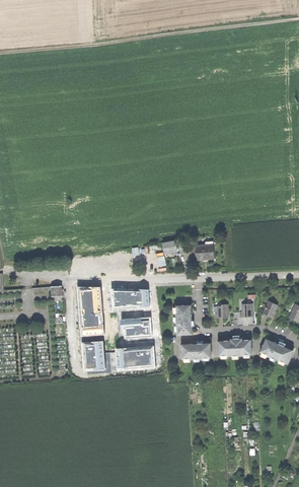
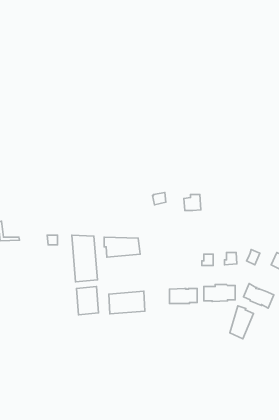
building: [175,303,193,334] -> none
building: [122,317,152,337] -> none
building: none -> [230,306,254,339]

